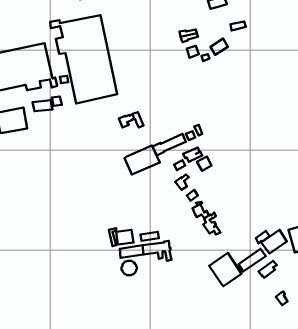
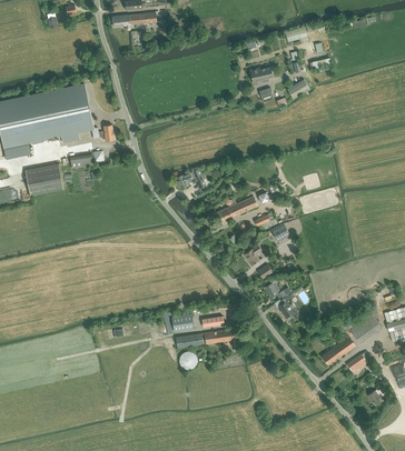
building: [50,15,117,103] -> none
building: [124,146,160,174] -> none
building: [209,253,242,286] -> none

